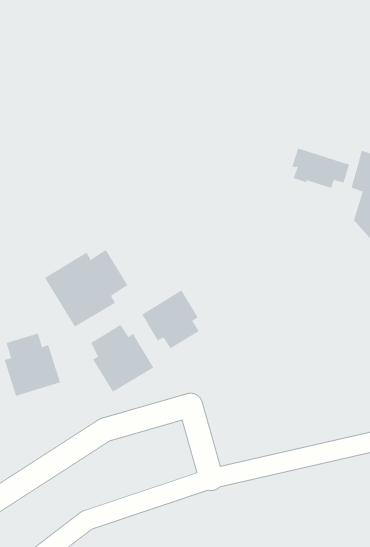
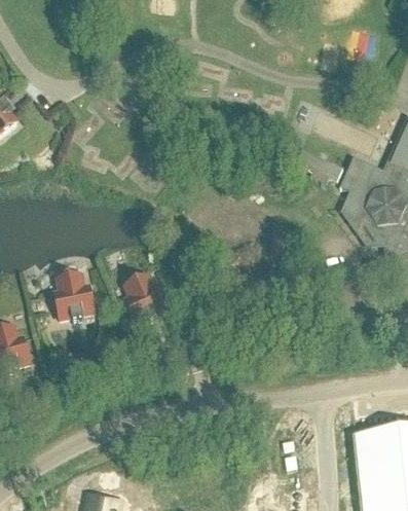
building: [44,249,128,328] -> none
building: [141,290,199,349] -> none

